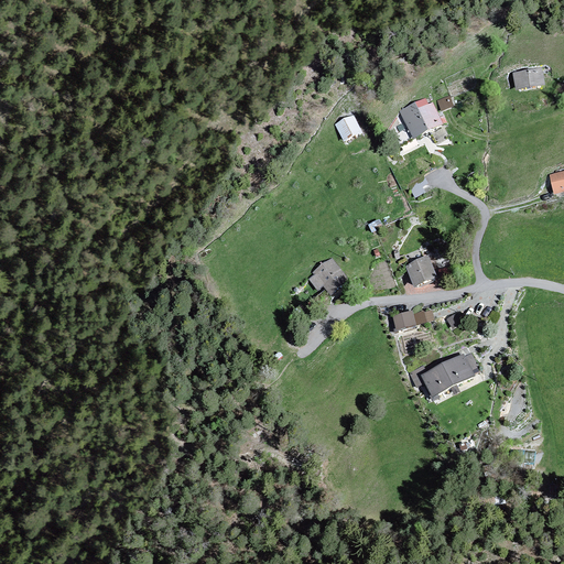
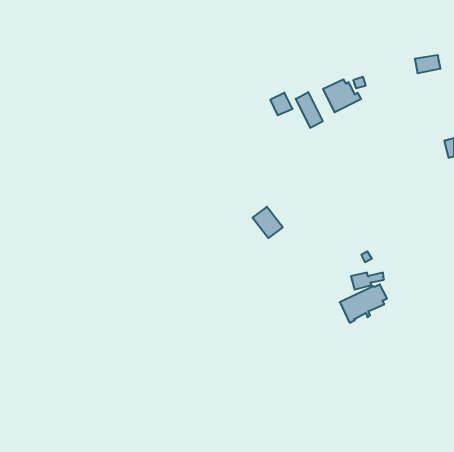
building: none -> [296,92,323,128]
building: [405,256,437,288] -> none
building: [391,310,432,330] -> [351,273,384,290]

